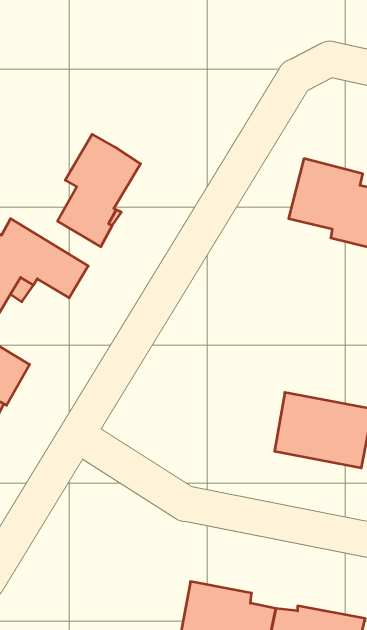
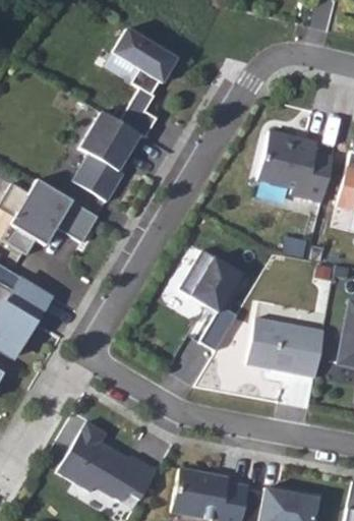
building: none -> [113,28,177,138]
building: none -> [179,249,243,351]
building: none -> [58,421,159,502]

